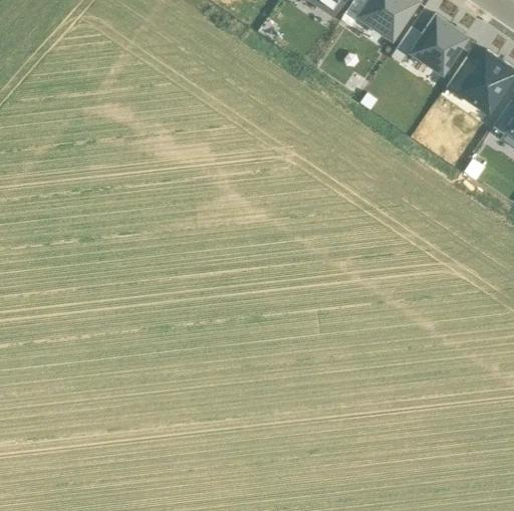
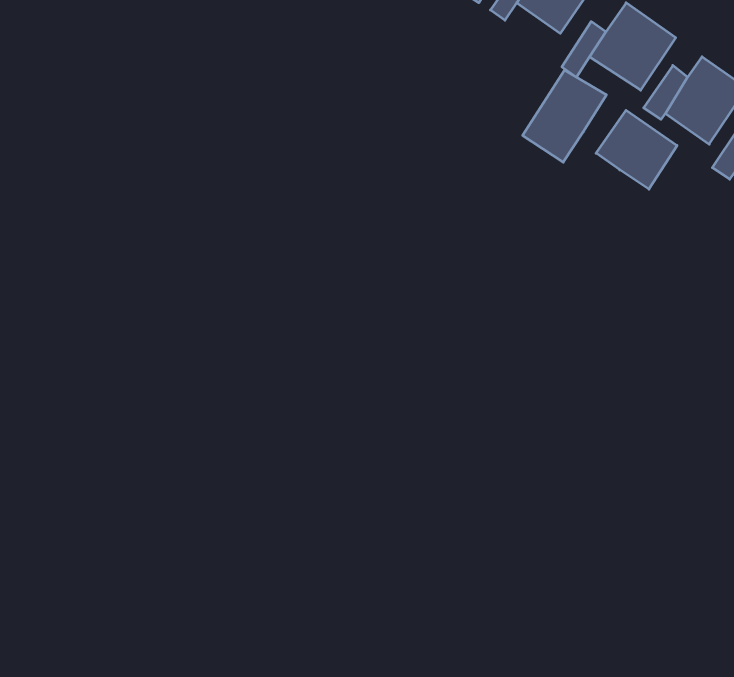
building: none -> [523,70,606,162]
building: none -> [596,110,677,189]

